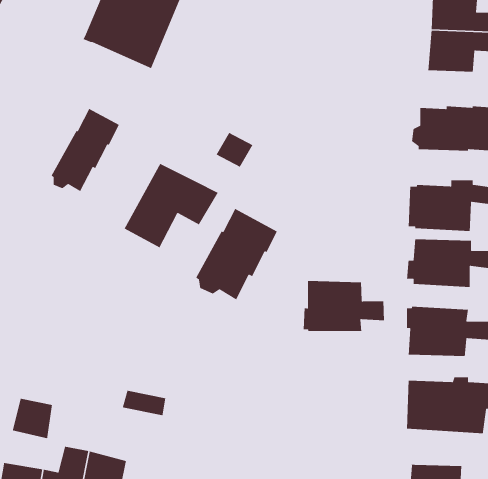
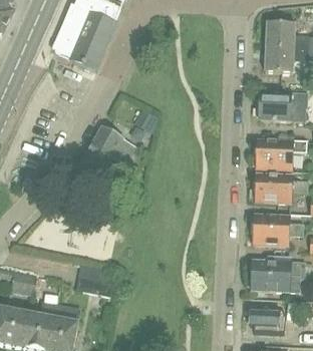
building: [51,108,120,192] -> none
building: [195,208,278,300] -> none
building: [303,280,385,332] -> none

